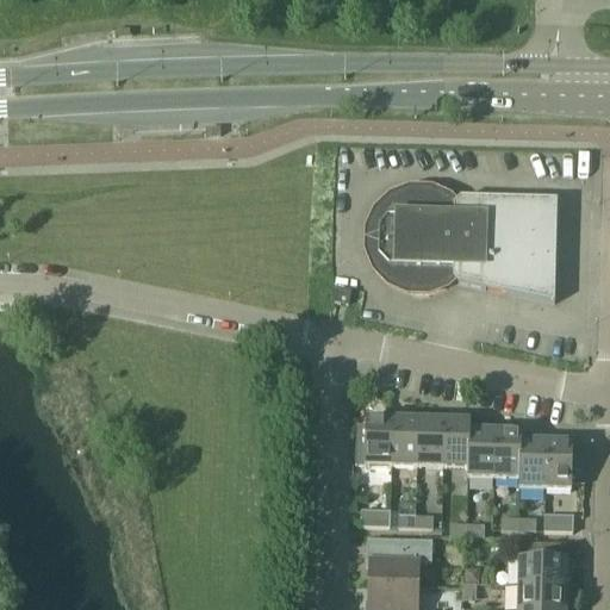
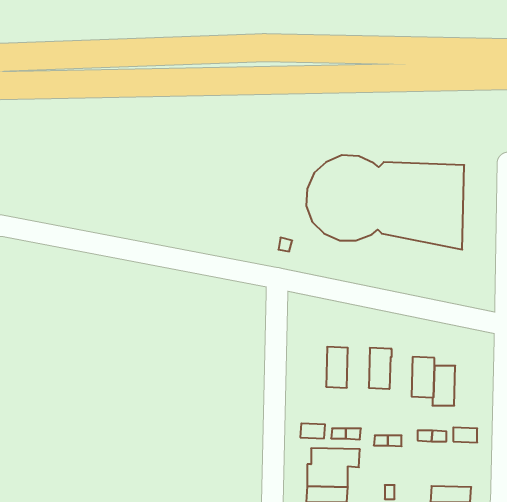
building: [355,416,393,463] -> none
building: [417,417,444,465] -> none
building: [467,428,496,475] -> none
building: [546,438,573,487] -> none
building: [518,541,567,584] -> none

